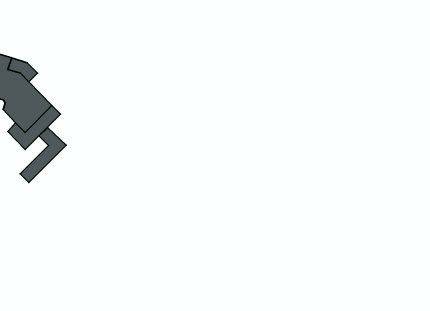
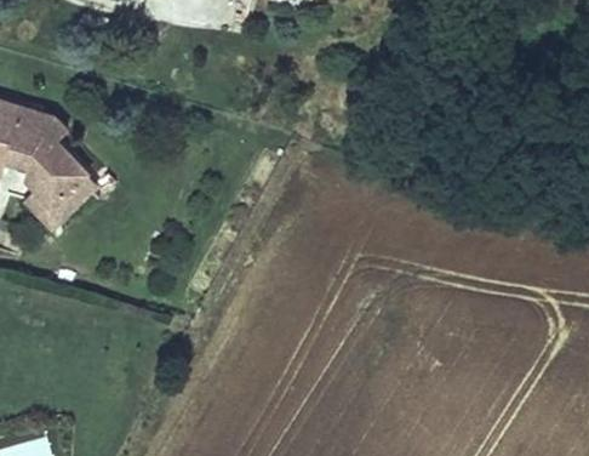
building: [20,128,66,182] -> none

